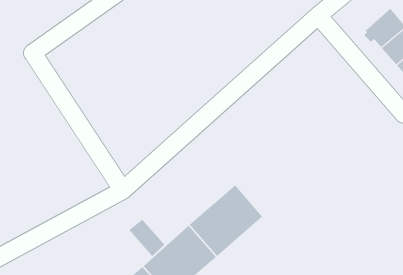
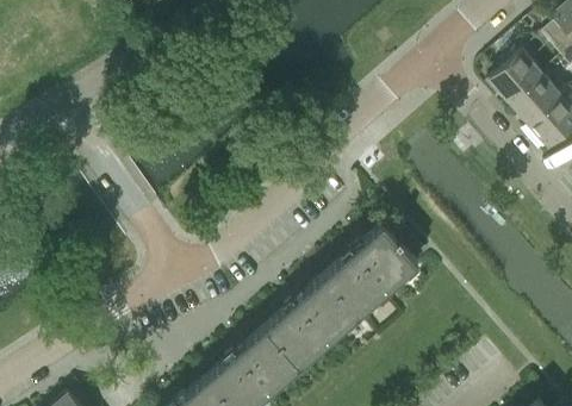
building: none -> [325,223,422,314]
building: [129,219,166,257] -> none

